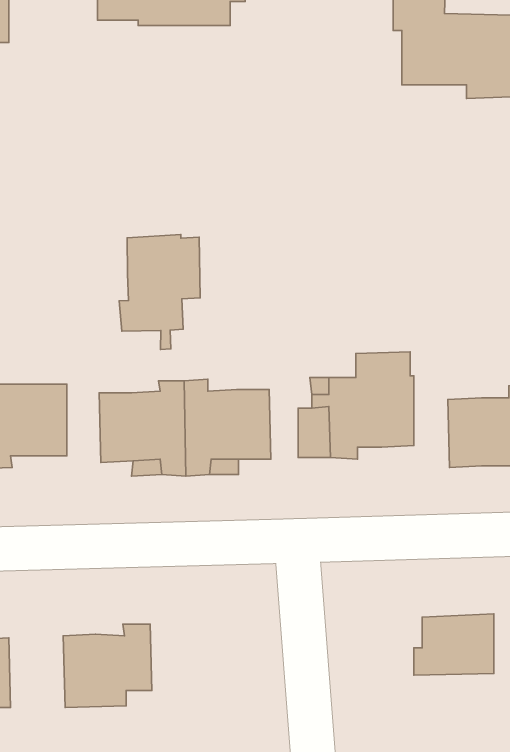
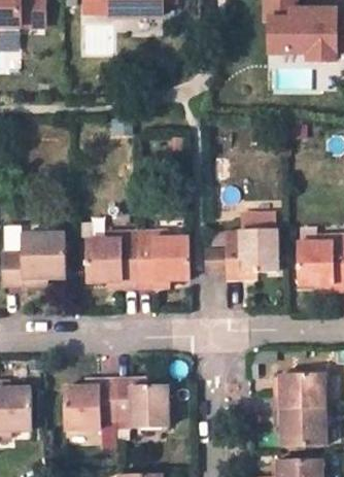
building: [119,234,200,350] -> none
building: none -> [116,378,168,429]
building: none -> [276,409,326,446]

